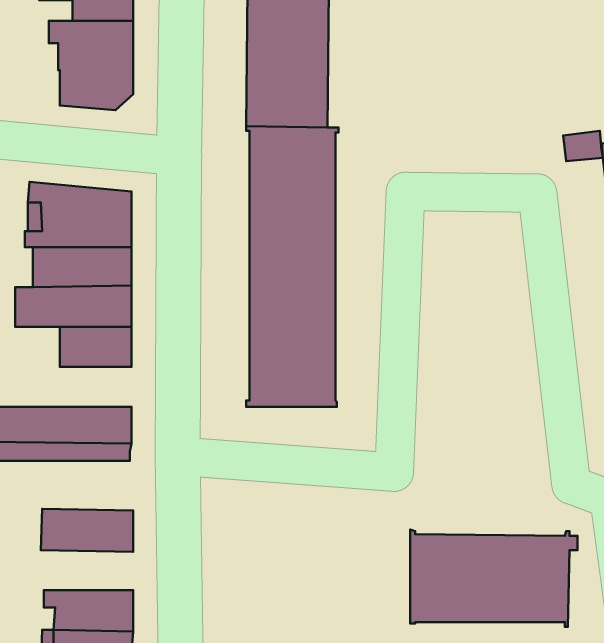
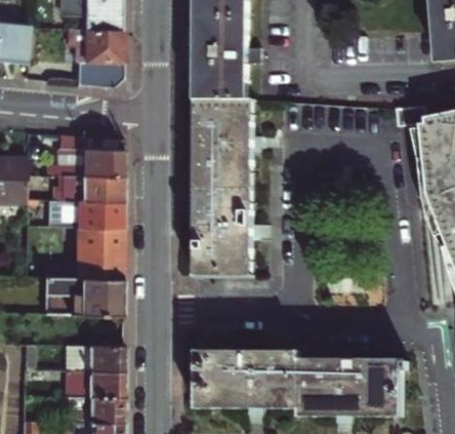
building: none -> [75,252,121,278]
building: none -> [196,350,301,409]
building: none -> [63,370,122,396]

